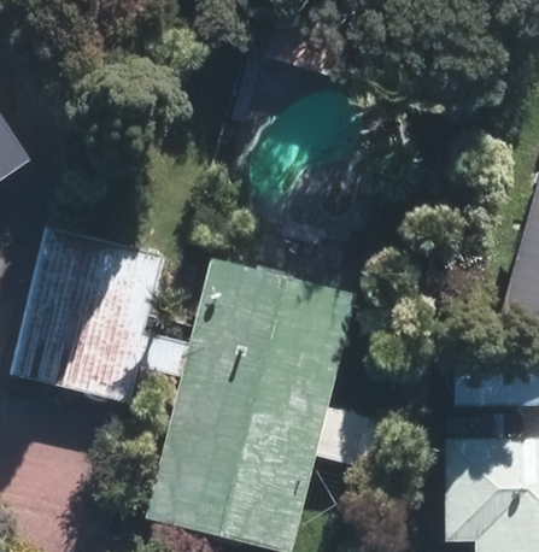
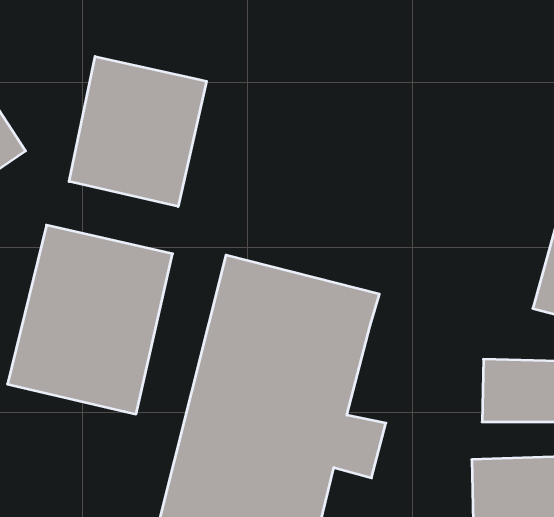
building: none -> [69,56,207,207]

